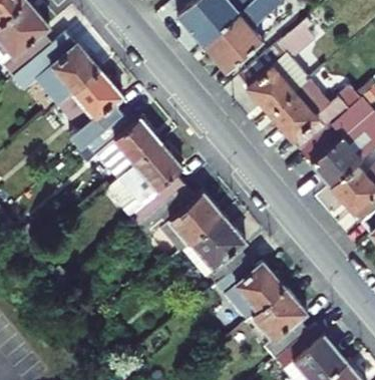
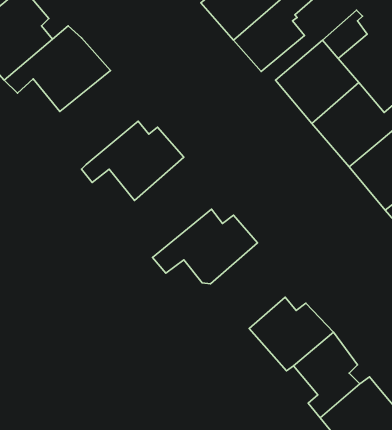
building: [59,69,124,147] -> none
building: [108,141,185,225] -> none
building: [184,213,247,284] -> none

